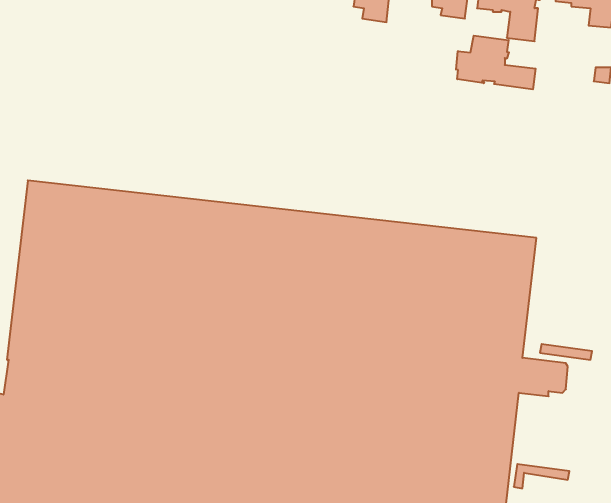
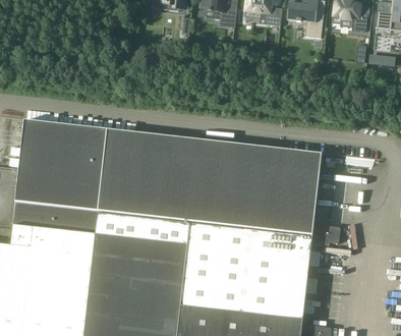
building: [456,36,536,89] -> none

